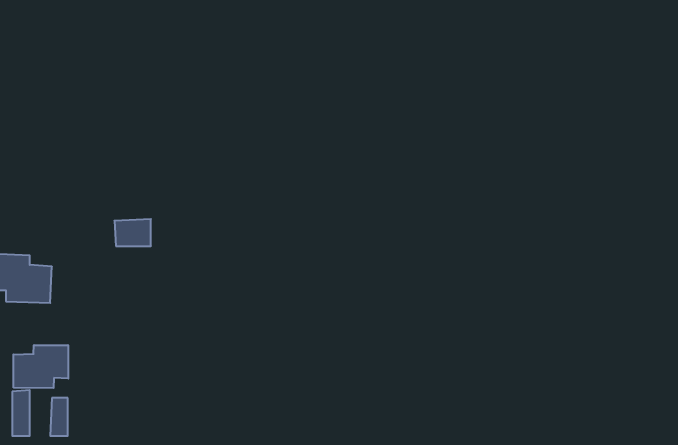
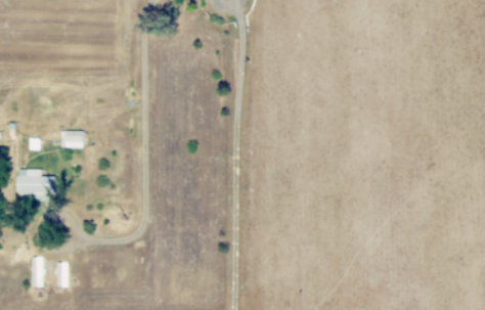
building: [114,219,151,246] -> [60,130,84,147]
building: [13,345,68,388] -> none

